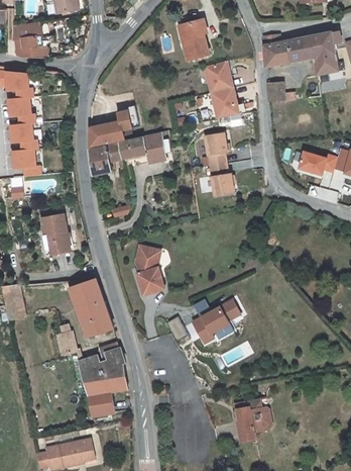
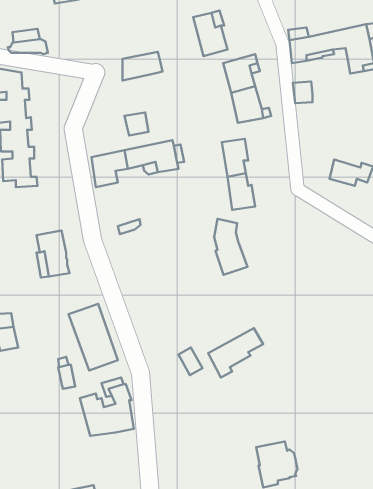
building: [13,21,43,39] -> none
building: [89,121,124,147] -> [122,52,163,81]
building: [136,244,165,293] -> [214,219,247,275]
building: [88,391,114,415] -> none

